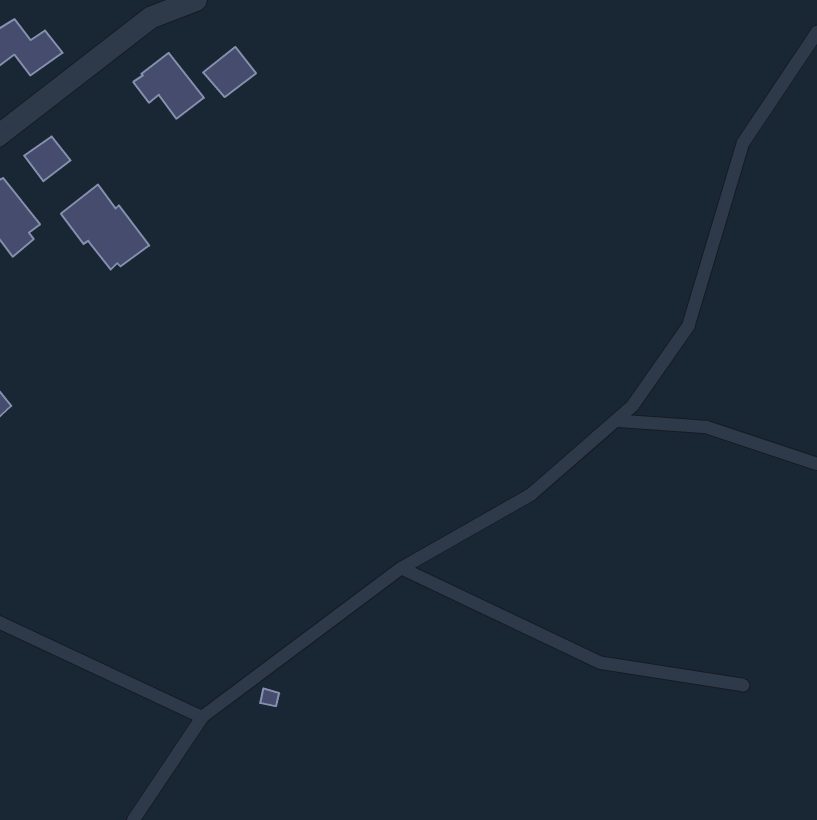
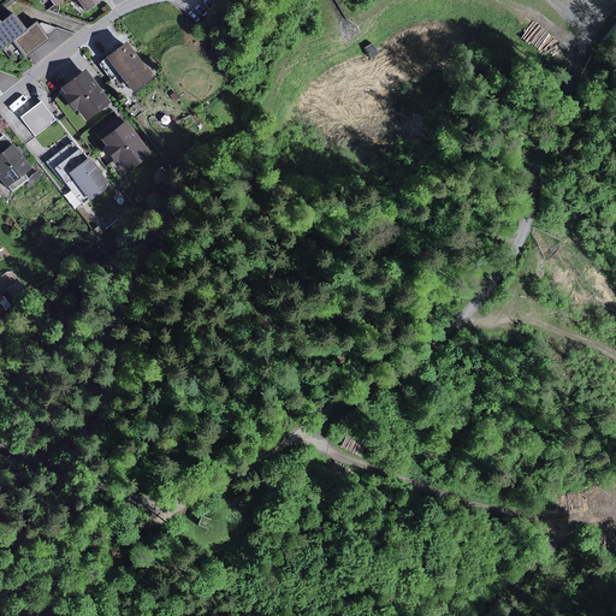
building: [203,47,256,97] -> none
building: none -> [60,67,111,120]
building: none -> [96,118,152,171]

